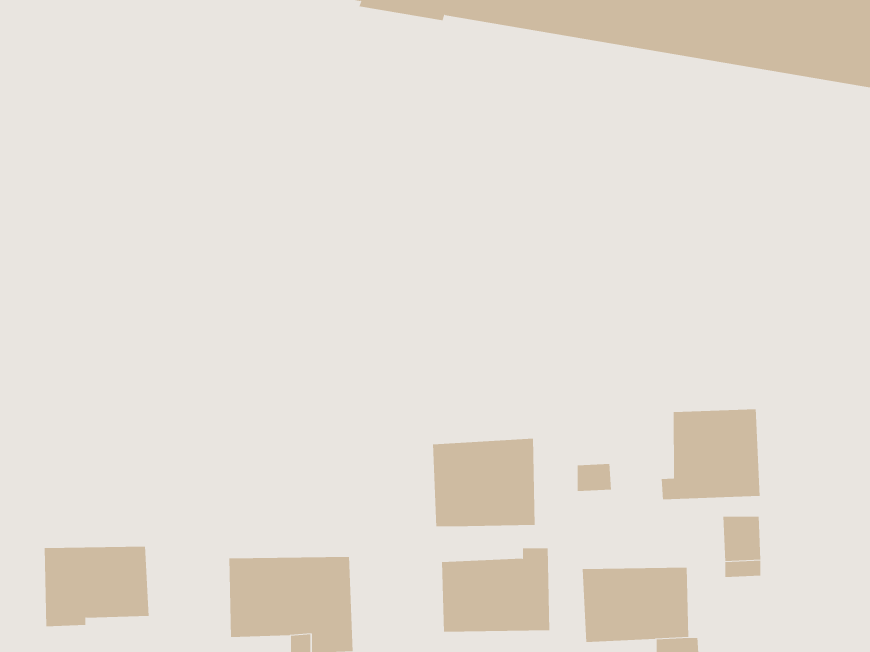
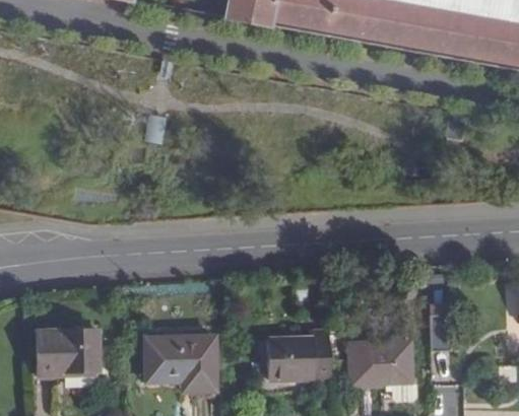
building: [661,409,760,500] -> none
building: [433,438,535,527] -> none

